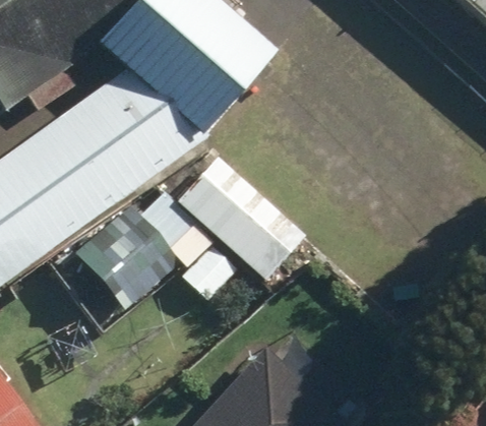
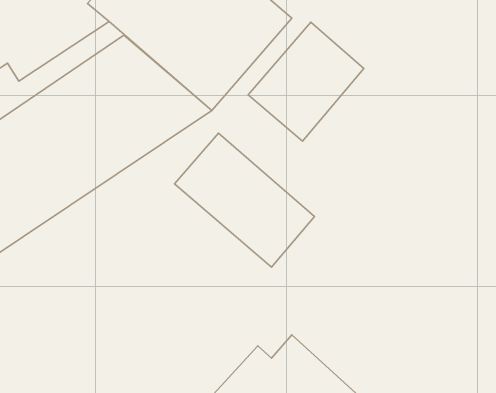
building: none -> [248,22,364,141]
building: [76,204,182,310] -> none

